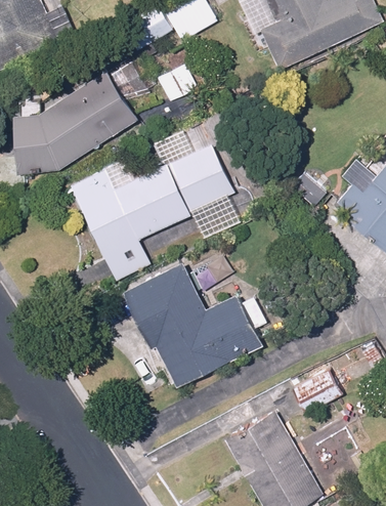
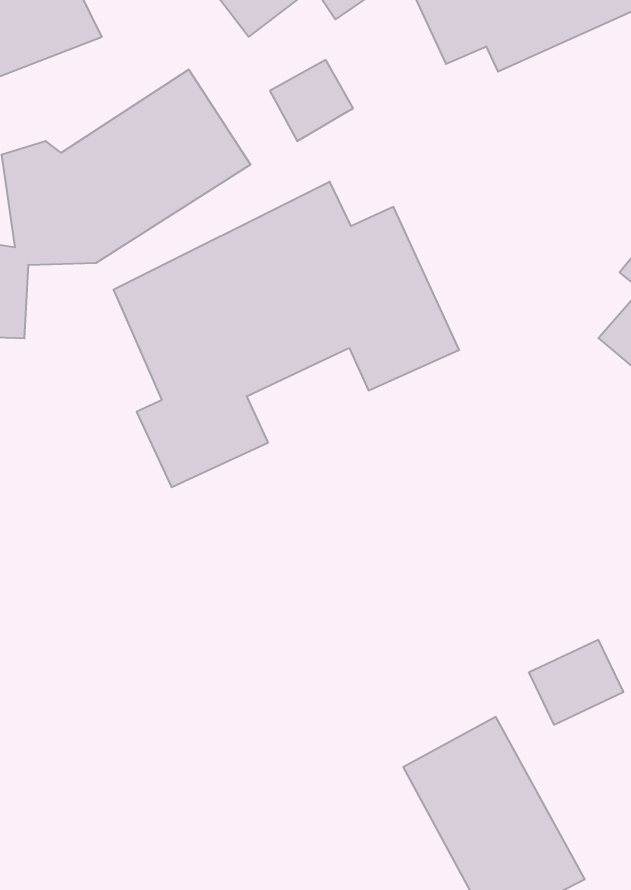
building: [128,261,268,387] -> none

